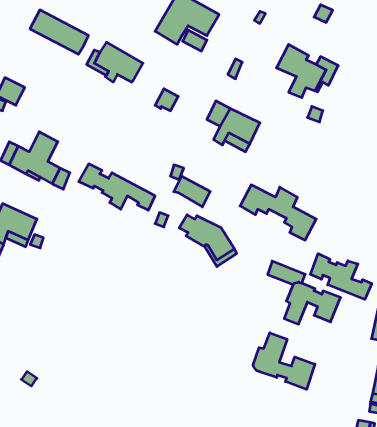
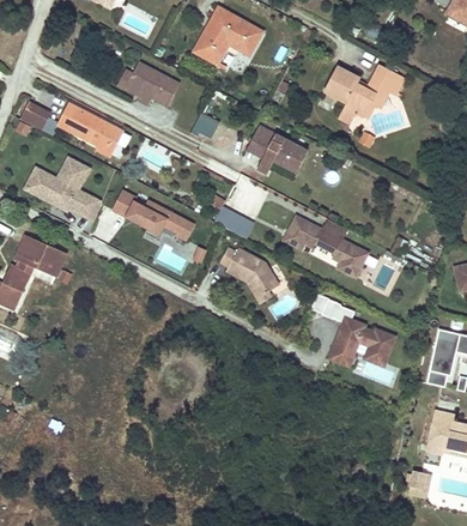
building: [30,10,88,54] -> [57,104,121,152]
building: none -> [372,59,407,90]
building: [310,254,372,299] -> none
building: [253,333,315,389] -> none

